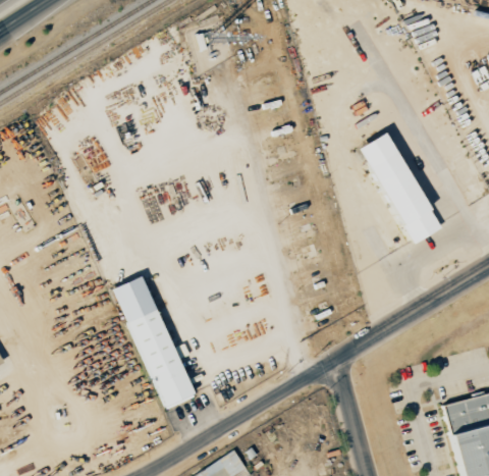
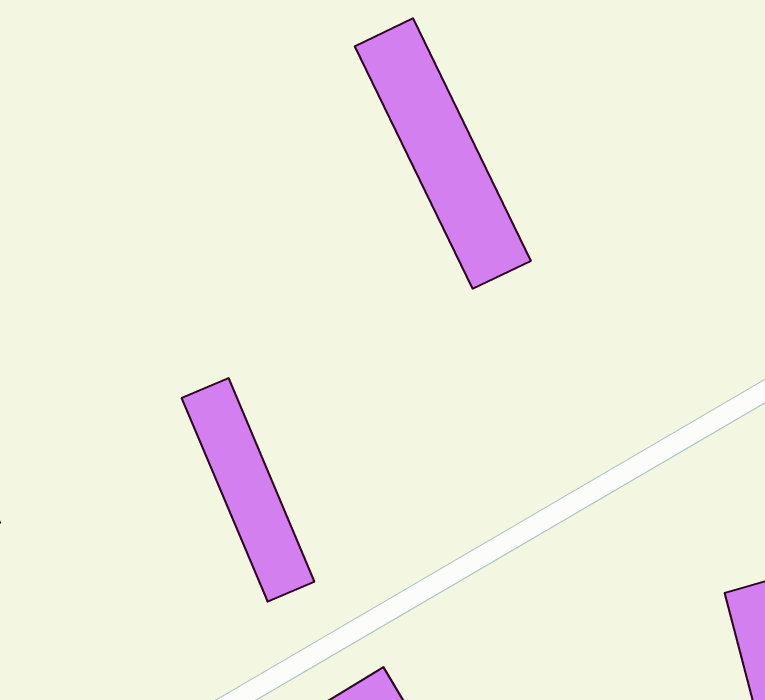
building: none -> [355,18,531,289]
building: [362,131,439,246] -> none

